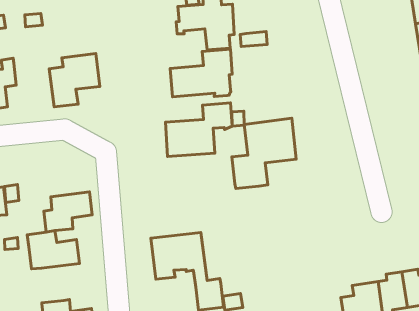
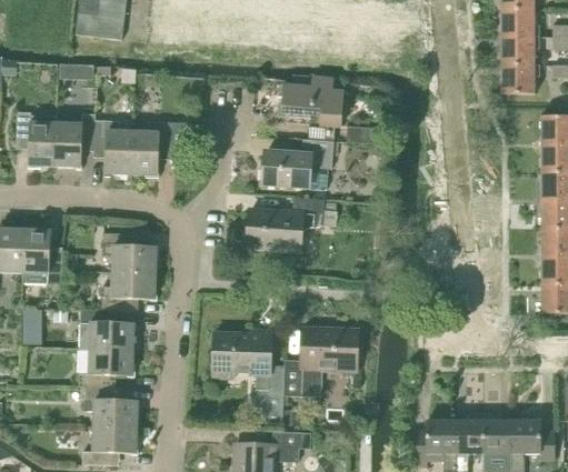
building: none -> [93,119,132,173]
building: [232,118,296,189] -> [283,325,357,395]
building: none -> [102,232,156,272]
building: none -> [78,348,132,386]

